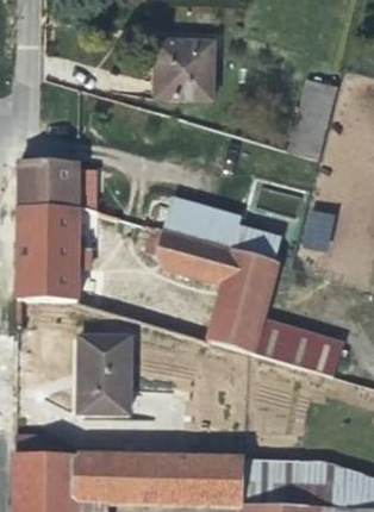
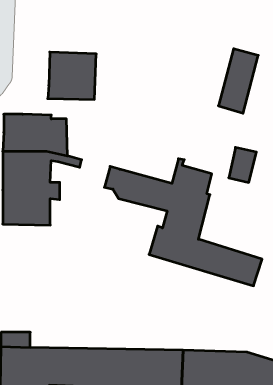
building: [152,42,213,101] -> [48,52,96,99]
building: [163,198,237,249] -> none
building: [77,337,129,413] -> none

